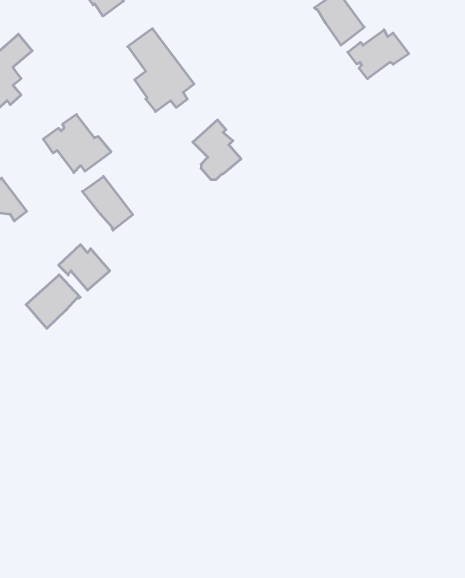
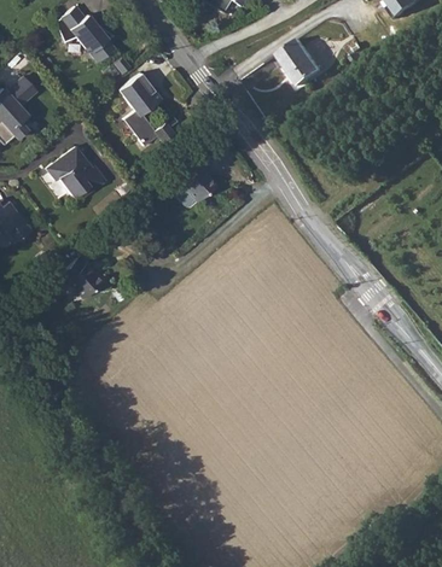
building: [348,30,409,79] -> none
building: [82,176,133,230] -> none
building: [26,275,80,328] -> none

